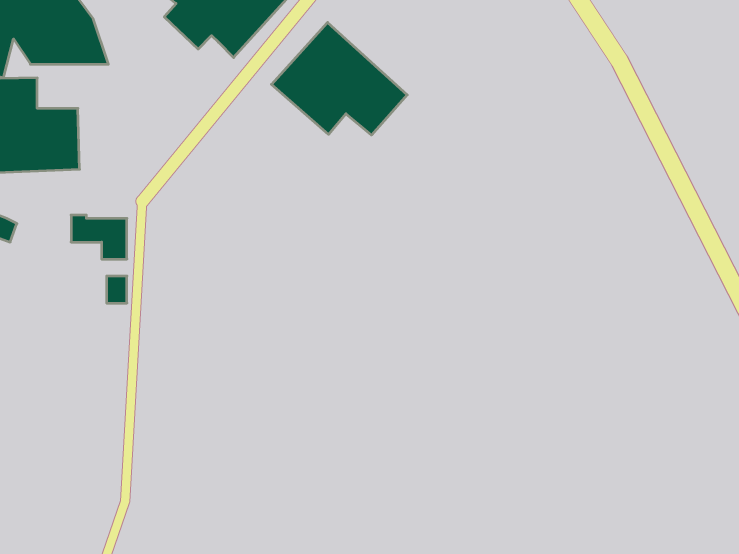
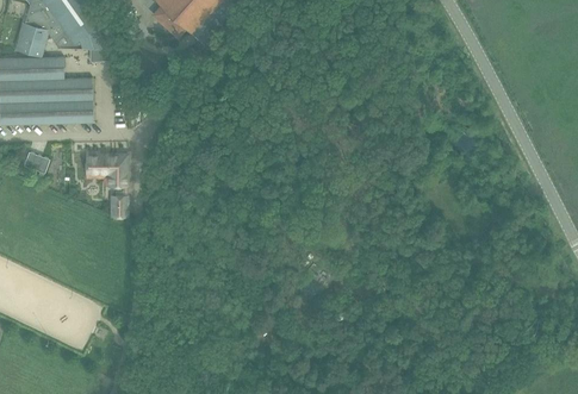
building: [271,22,407,135] -> none

